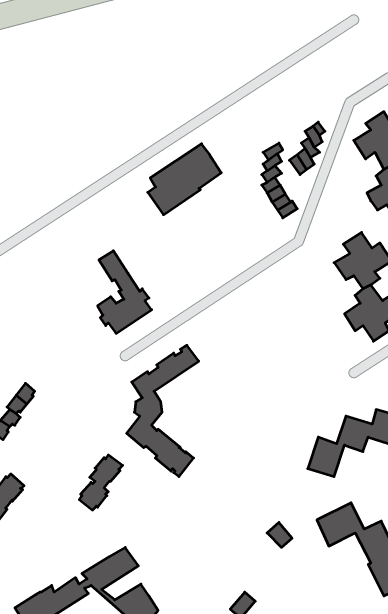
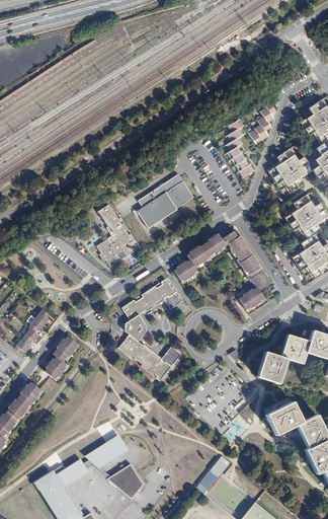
building: [148,144,221,215] -> [139,174,195,229]
building: none -> [266,146,309,191]
building: none -> [173,232,267,305]
building: [79,455,123,510] -> [47,335,80,377]

